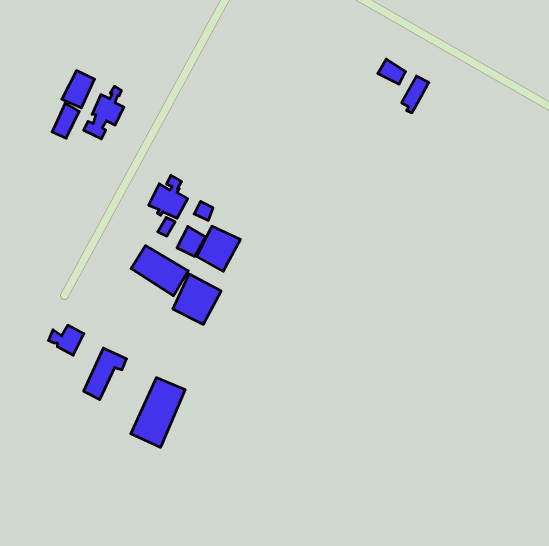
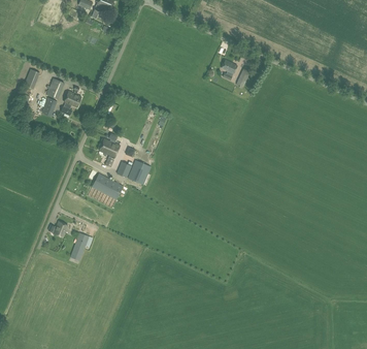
building: [173,274,221,324] -> none
building: [131,378,185,447] -> none

